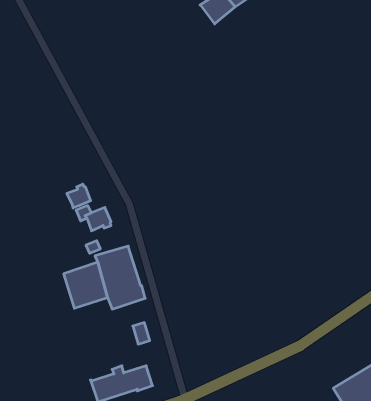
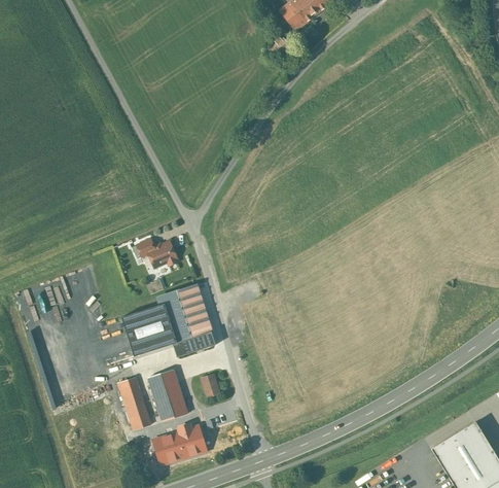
building: [67,184,91,208] -> none
building: none -> [148,370,187,420]
building: none -> [118,377,150,429]

